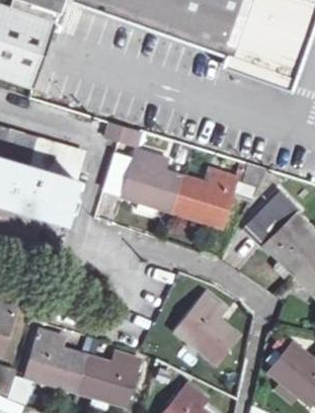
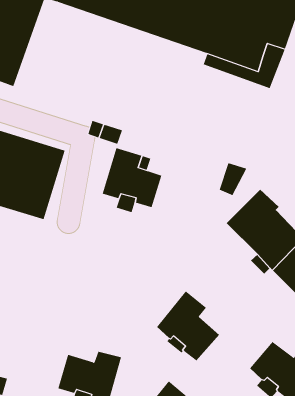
building: [170,171,235,226] -> none
building: [22,329,85,391] -> none

